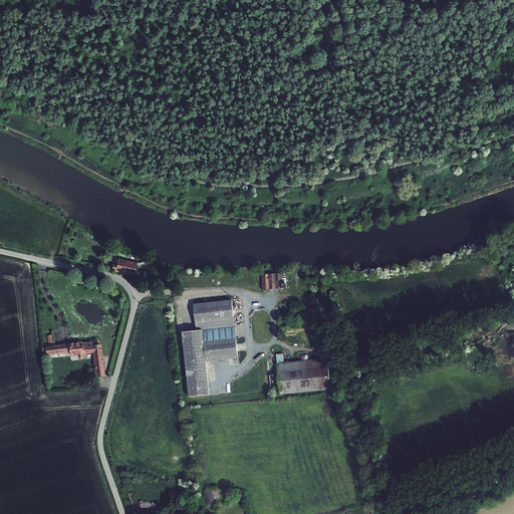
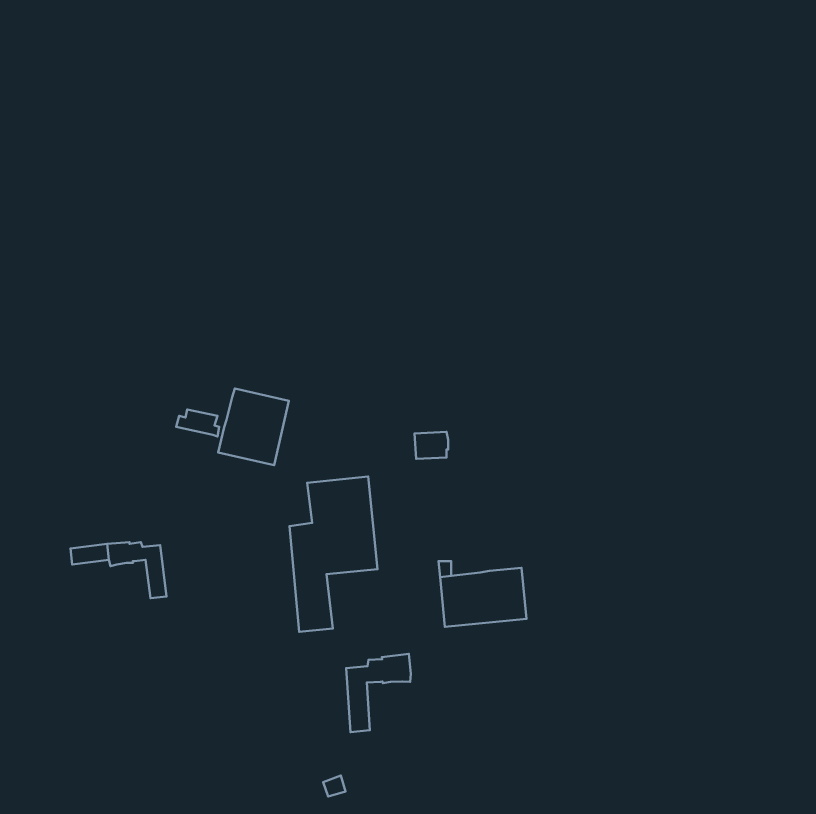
building: none -> [218,388,289,465]
building: none -> [346,654,411,732]

